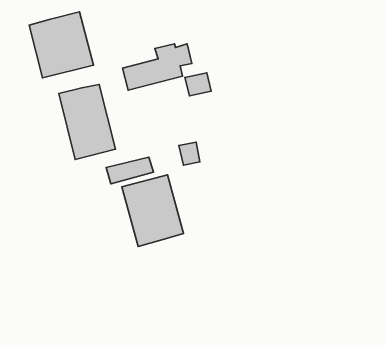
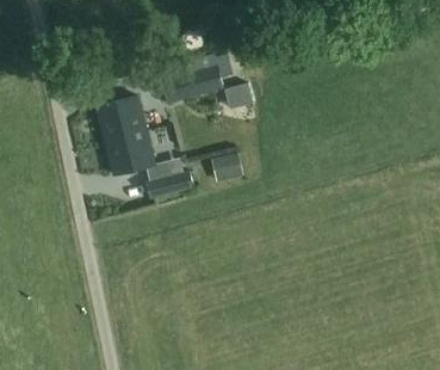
building: [29,12,93,78] -> none
building: [122,175,183,246] -> none

